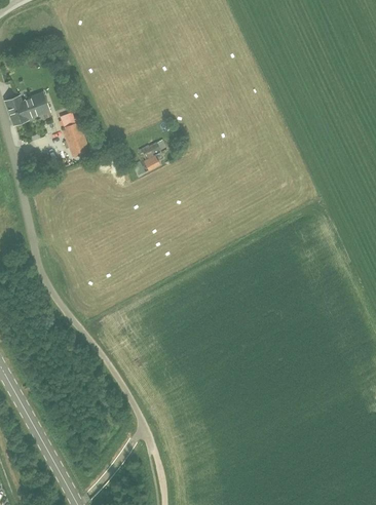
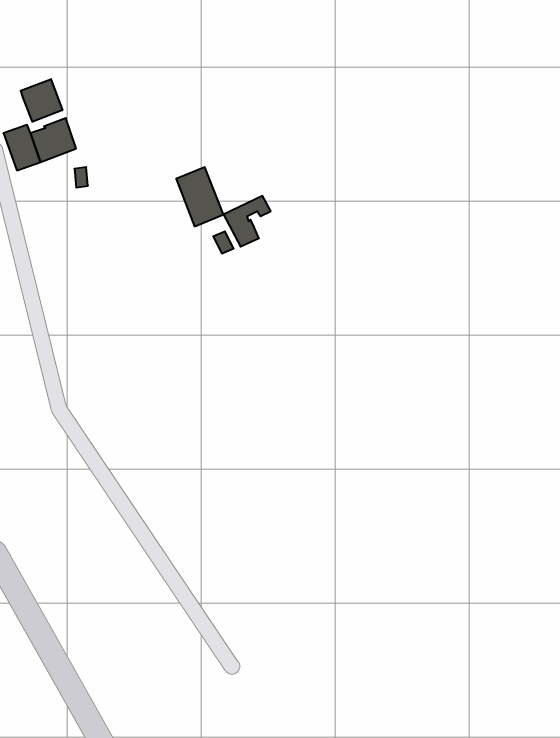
building: none -> [21,79,62,122]
building: [61,120,89,156] -> [176,167,223,226]

